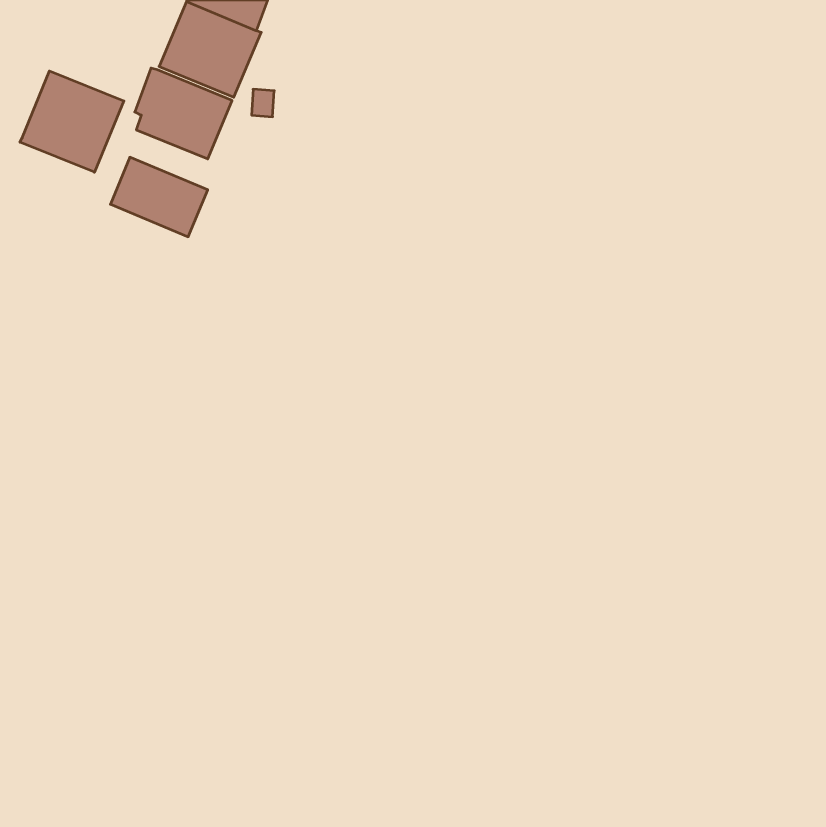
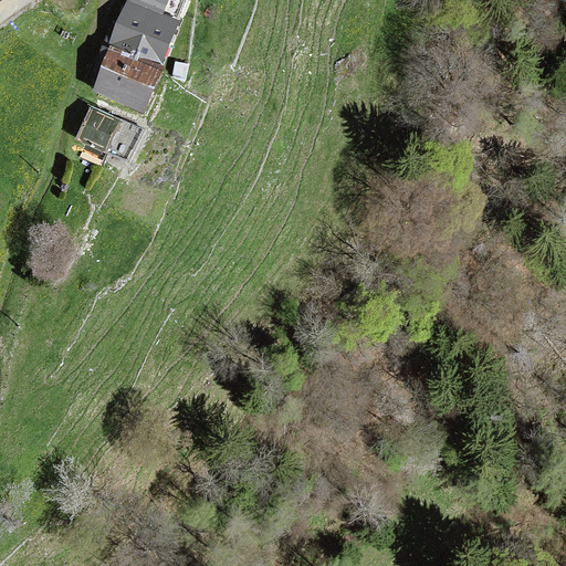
building: [20,71,124,172] -> none

